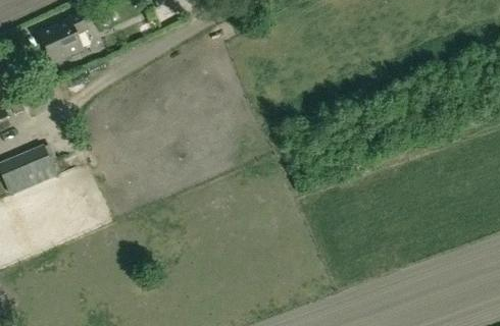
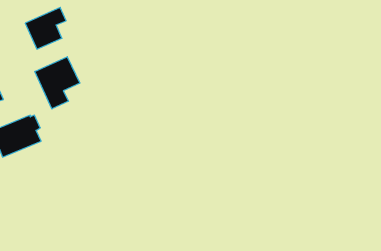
building: none -> [35,57,80,109]

